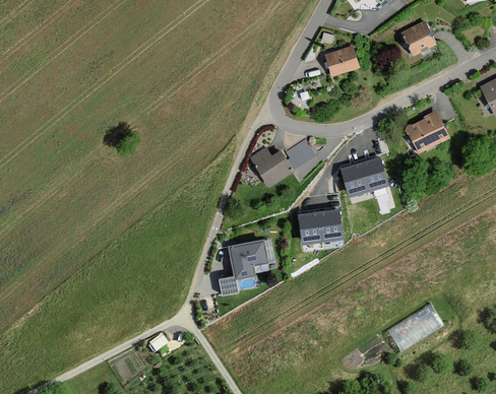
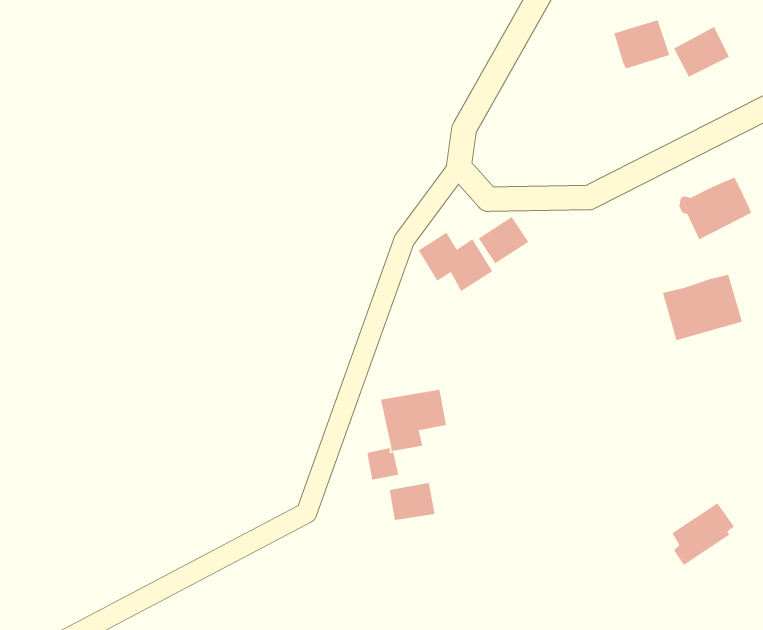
building: [325,46,359,75] -> [614,19,670,69]
building: [340,156,388,196] -> [662,274,743,341]
building: [299,209,342,244] -> none
building: none -> [389,482,435,521]

